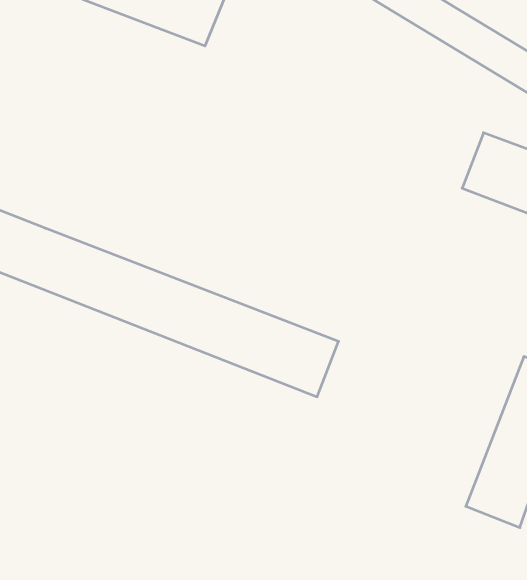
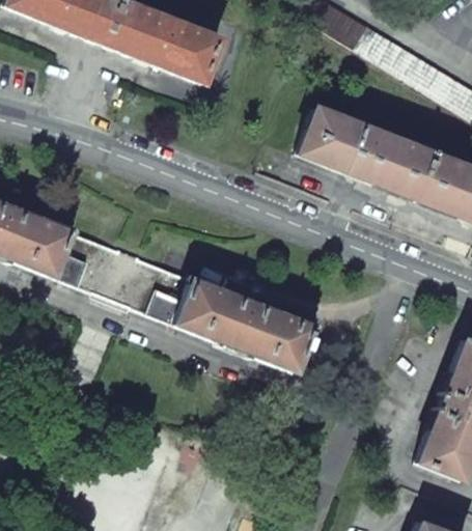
building: none -> [300,108,434,199]

